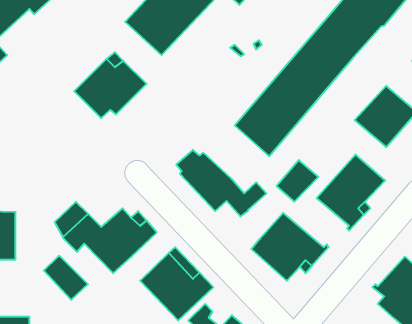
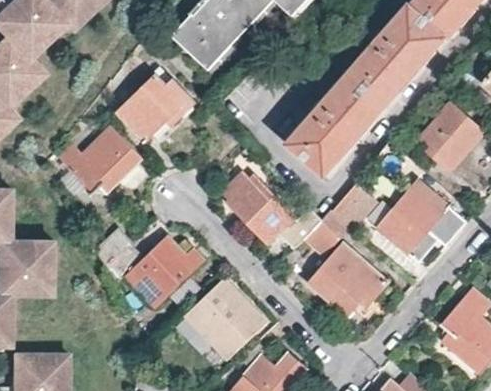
building: none -> [60,127,140,198]
building: none -> [302,212,351,257]
building: [44,256,88,300] -> none

